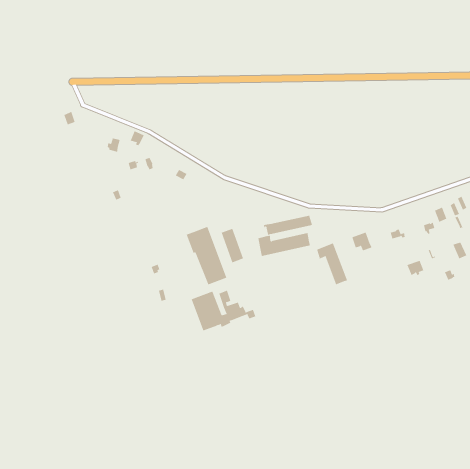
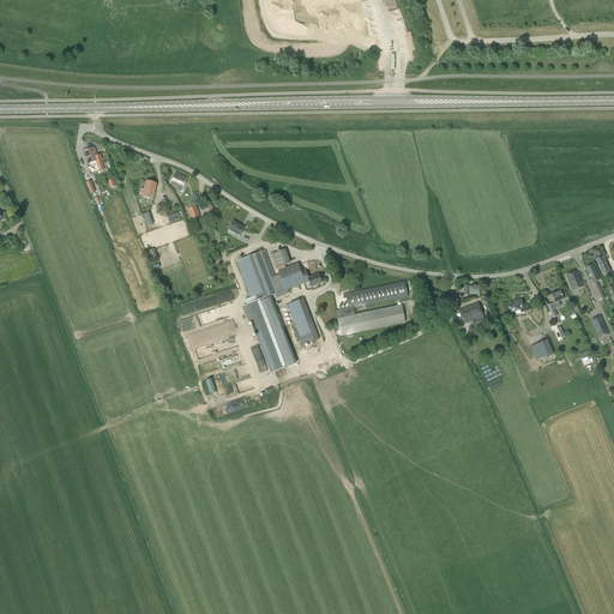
building: [316,242,348,285] -> none
building: [191,290,256,331] -> [236,248,321,302]

